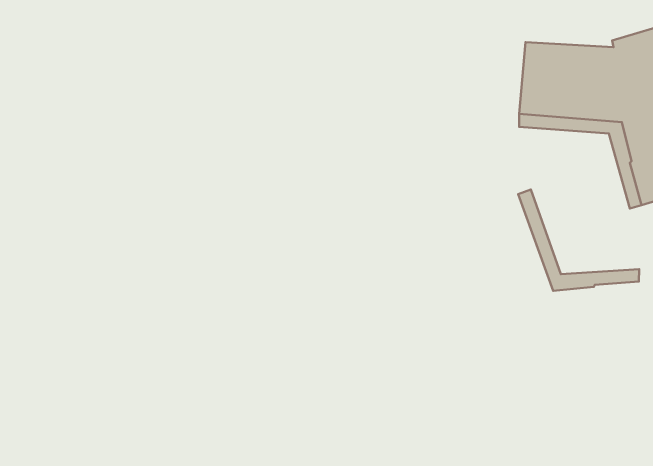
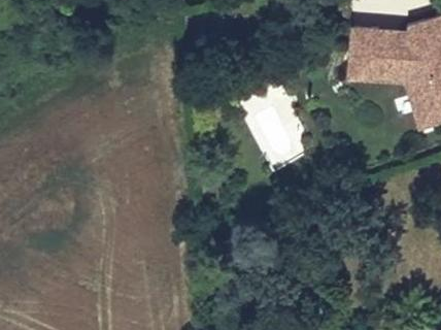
building: [518,190,639,291] -> none

